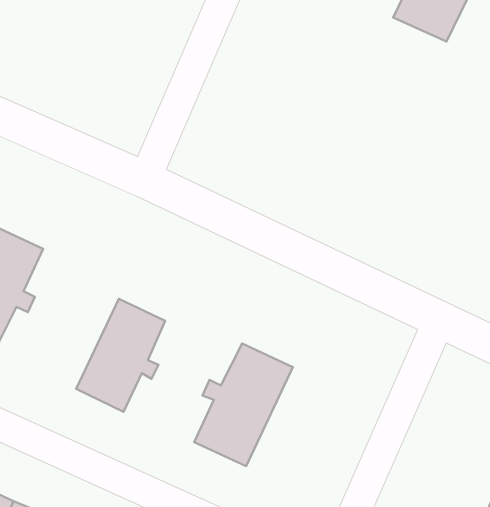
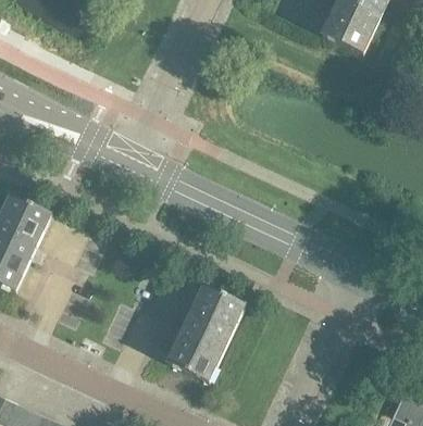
building: [76,299,165,412] -> none

